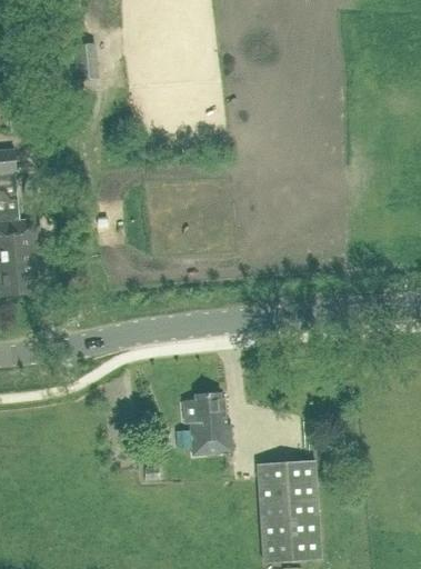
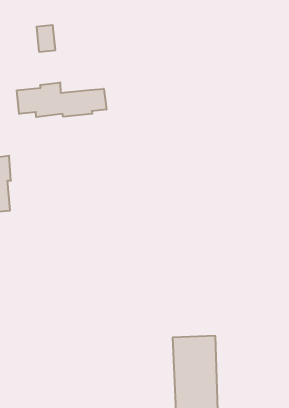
building: none -> [17,82,106,117]
building: [183,391,232,452] -> none

